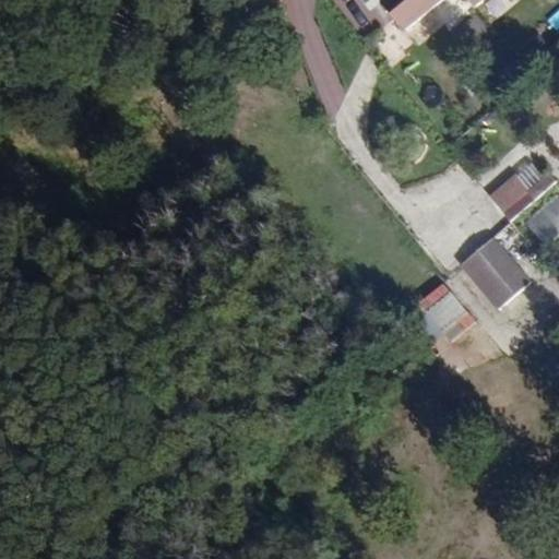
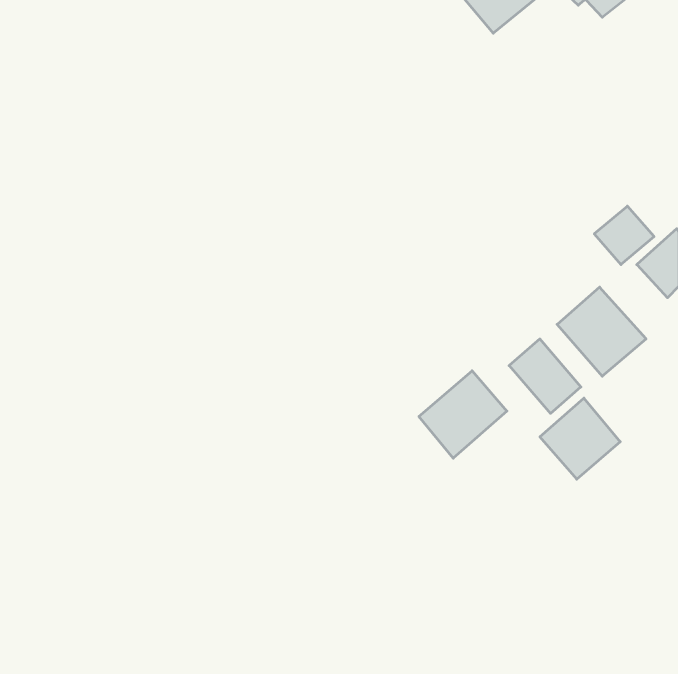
building: none -> [419,371,507,458]
building: none -> [540,398,620,479]

